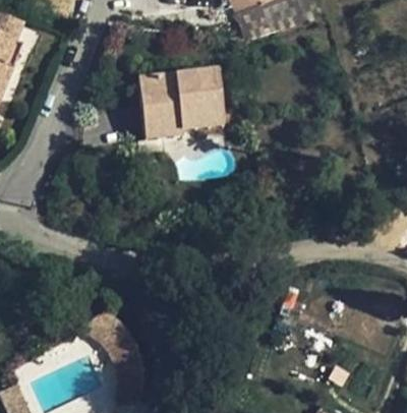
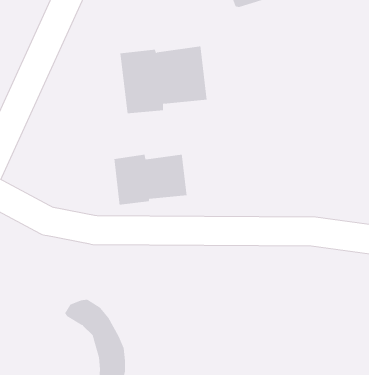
building: none -> [114,154,187,205]

